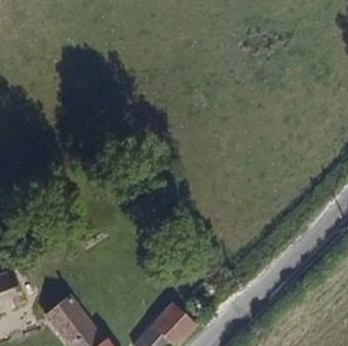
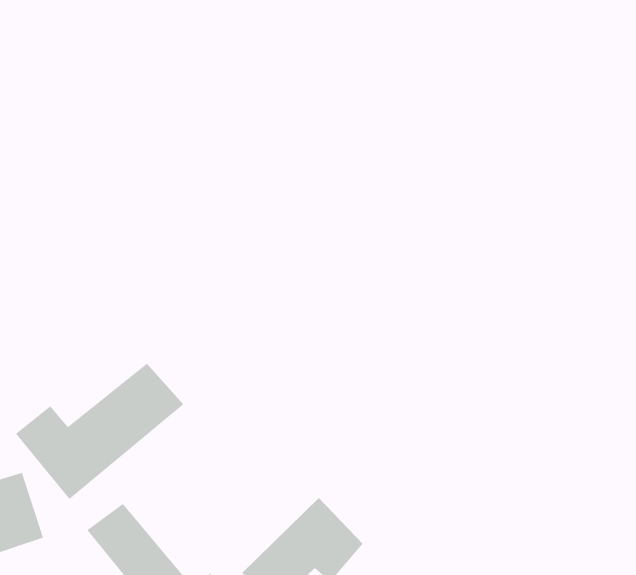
building: none -> [15,363,184,500]

